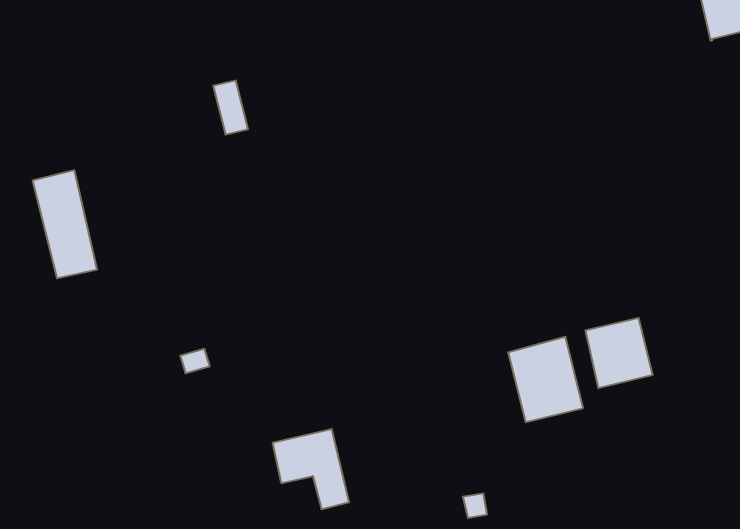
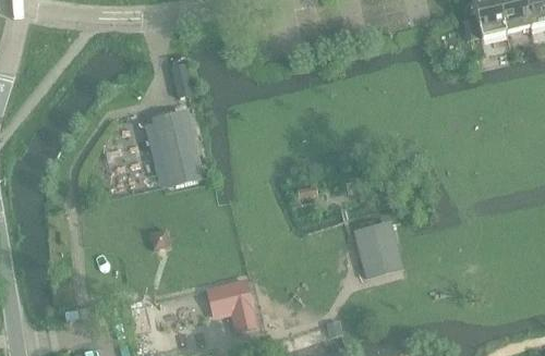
building: [33,170,97,278] -> [158,115,198,183]
building: [586,318,653,388] -> none

